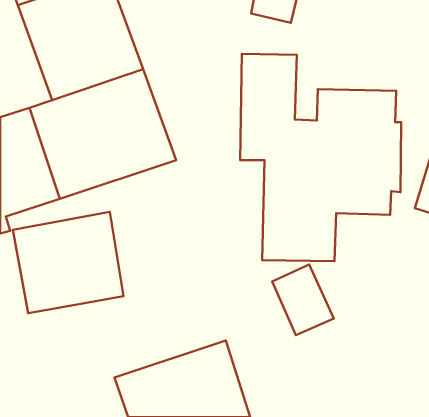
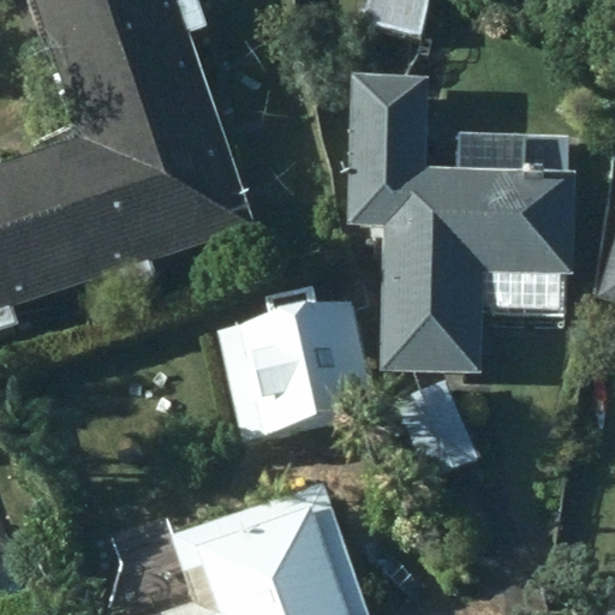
building: none -> [217,301,372,432]
building: [13,212,123,313] -> none

